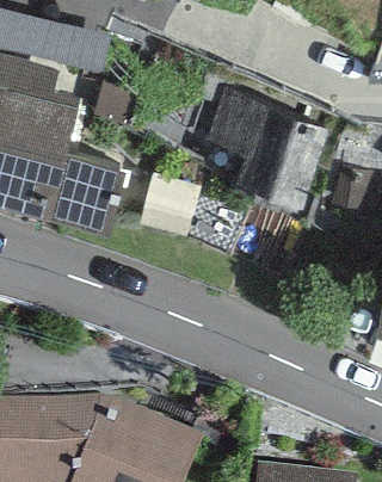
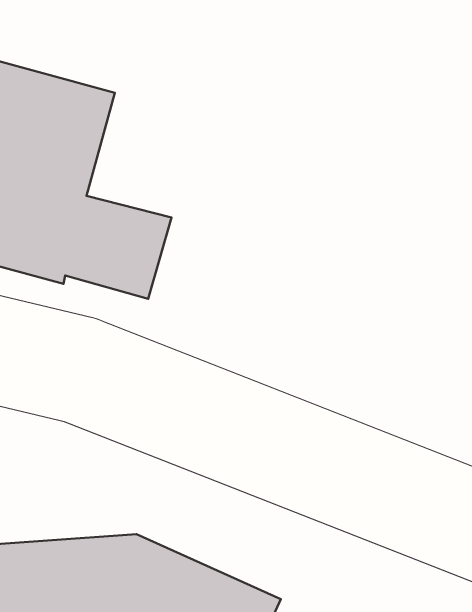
building: [203,80,329,199] -> none

